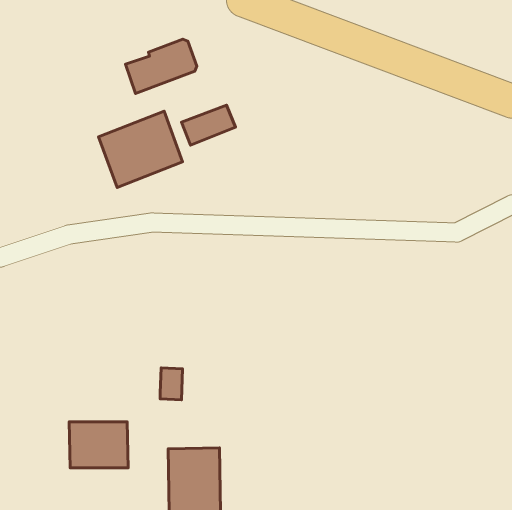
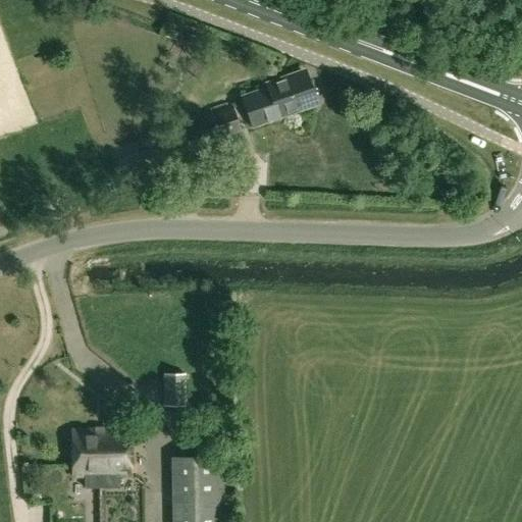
building: [126,39,197,93] -> [243,73,315,128]
building: [99,111,183,188] -> none

